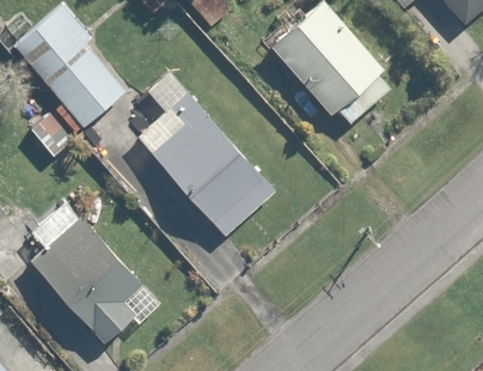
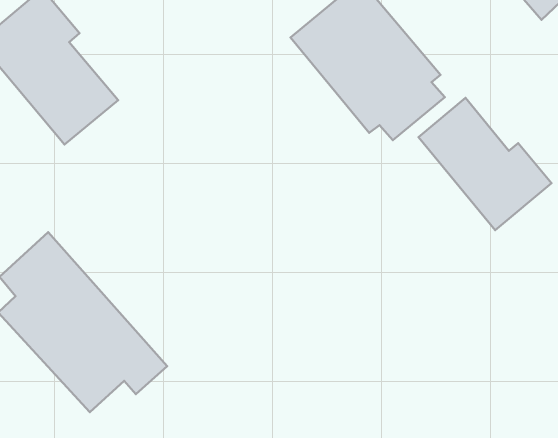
building: [142,71,276,237] -> none
building: none -> [418,98,552,230]

